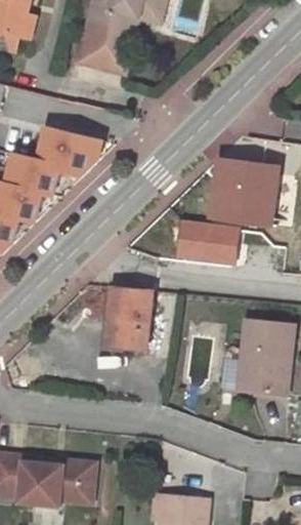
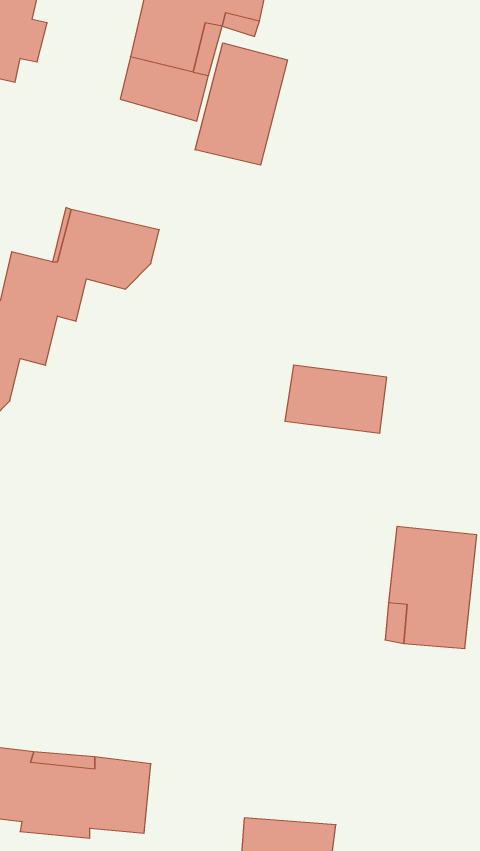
building: none -> [195,43,288,165]
building: [212,158,289,248] -> none
building: [105,285,153,348] -> none

